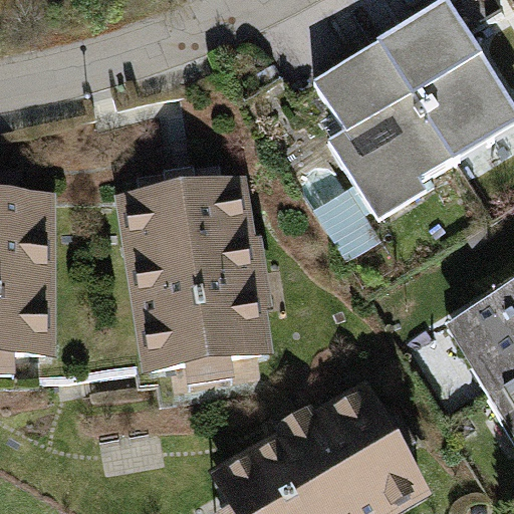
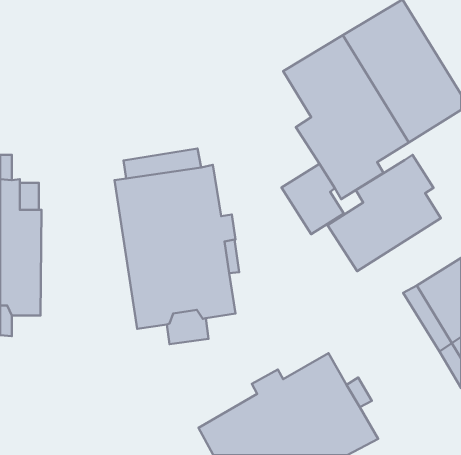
building: none -> [327,155,441,271]

